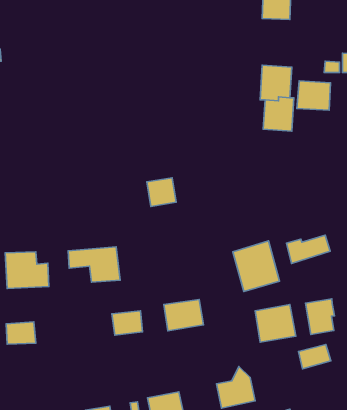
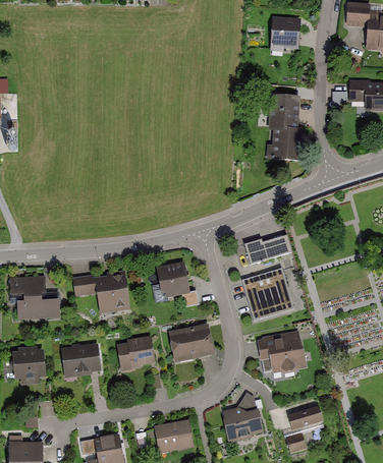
building: [297,81,330,110] -> none
building: [147,178,176,206] -> [156,266,185,294]
building: [286,235,330,263] -> [243,234,287,263]
building: [305,299,335,335] -> none
building: none -> [66,344,97,368]
building: [298,344,331,369] -> [288,404,321,428]

